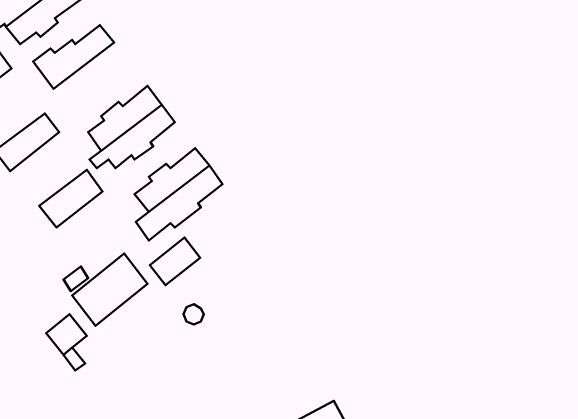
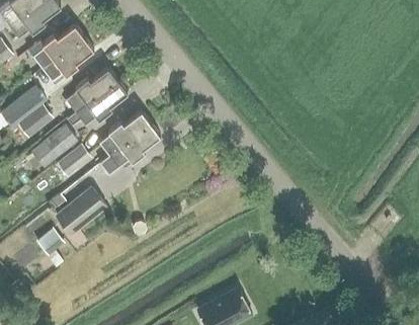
building: none -> [41,37,93,82]
building: none -> [18,105,54,138]
building: [150,238,200,285] -> [57,145,92,178]

